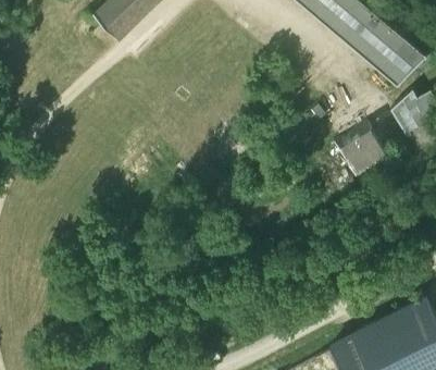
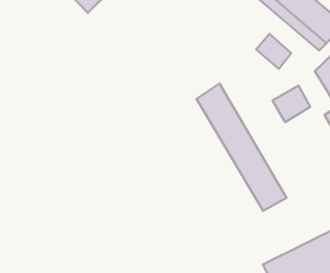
building: none -> [256,34,291,69]
building: none -> [197,83,287,211]

